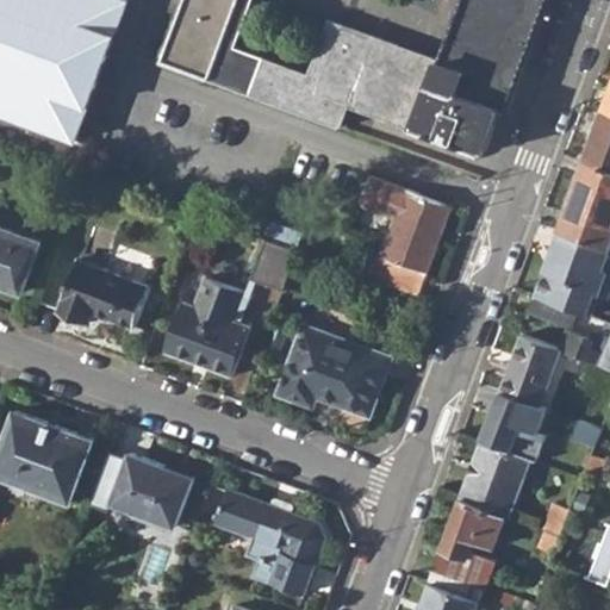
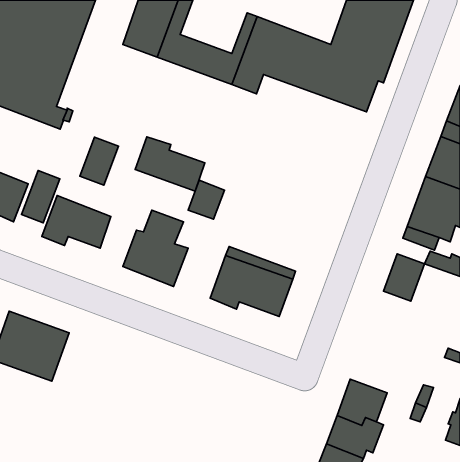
building: [355,176,449,297] -> none
building: none -> [135,137,205,191]
building: none -> [80,137,118,185]
building: none -> [22,171,60,223]
building: [484,393,544,446] -> none
building: [459,443,529,518] -> none
building: [108,453,191,528] -> none
building: [213,490,320,595] -> none

